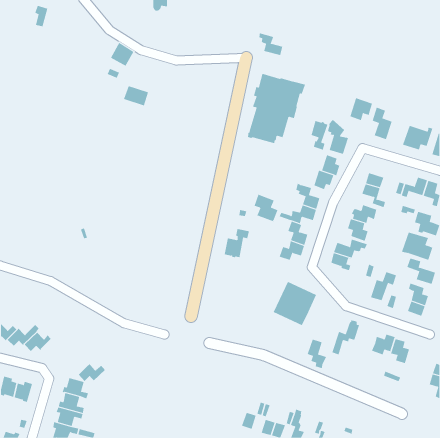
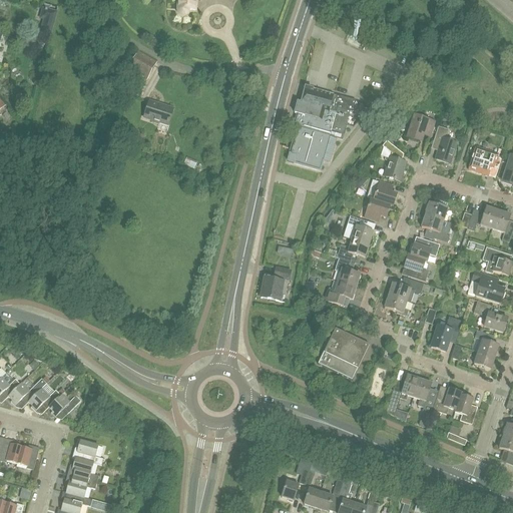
building: [259,33,283,56] -> none
building: [311,120,328,151] -> none
building: [254,194,278,222] -> none
building: [307,339,327,369] -> [413,378,436,413]
building: [77,363,106,382] -> [48,392,81,414]

